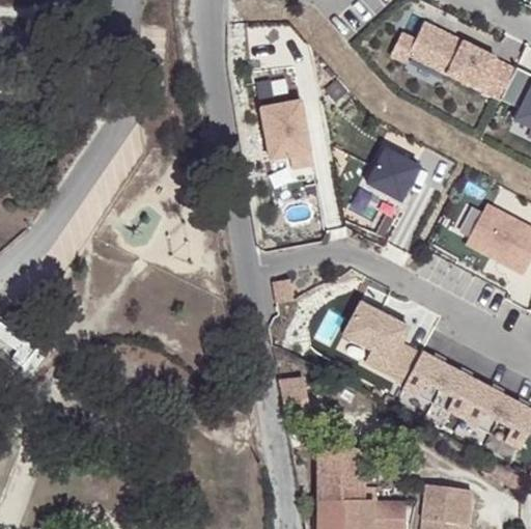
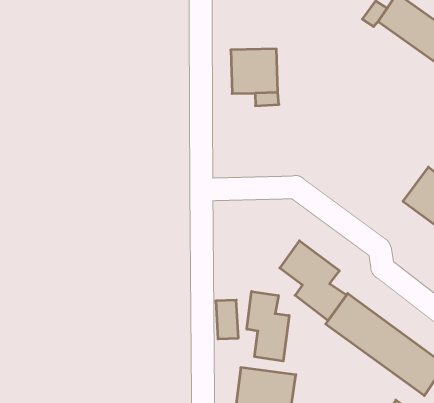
building: [365,147,419,201] -> none
building: none -> [247,291,289,361]

